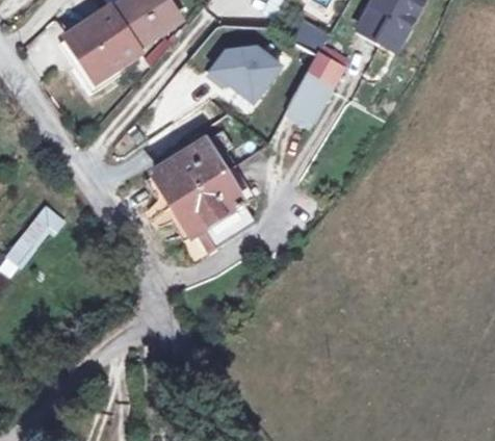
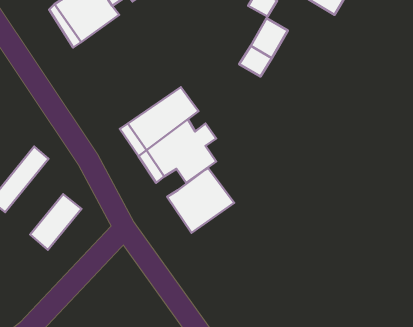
building: [204,45,276,103] -> none
building: none -> [167,168,234,233]
building: none -> [30,194,82,250]

